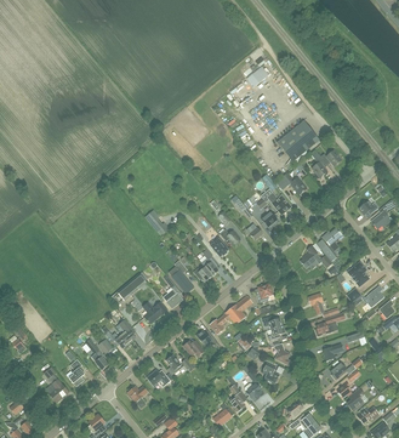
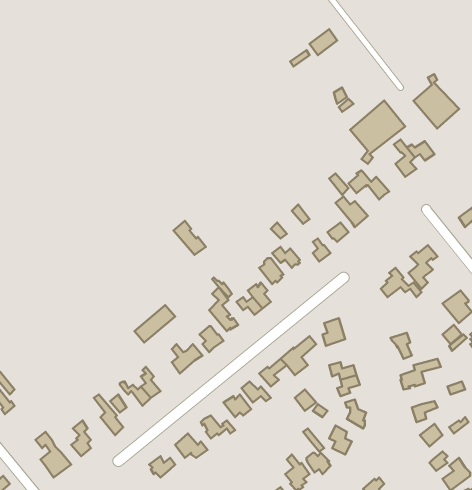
building: none -> [414,74,459,128]

